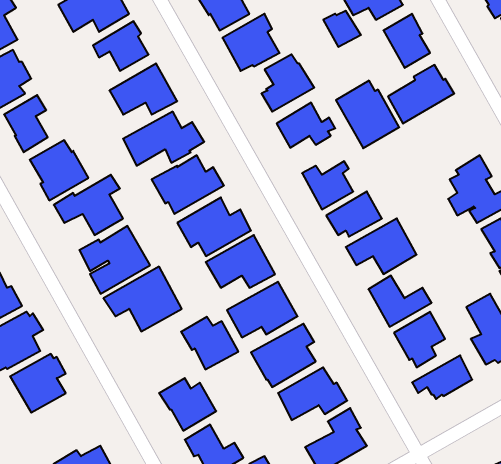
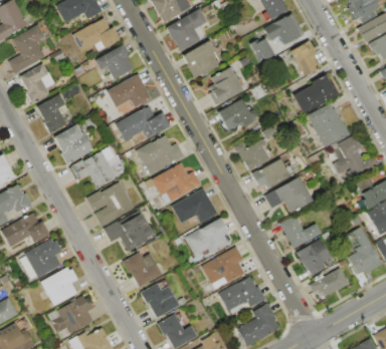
building: [336,81,399,148] -> [307,102,349,147]
building: [181,317,238,369] -> [122,252,160,287]
building: none -> [51,295,93,333]

